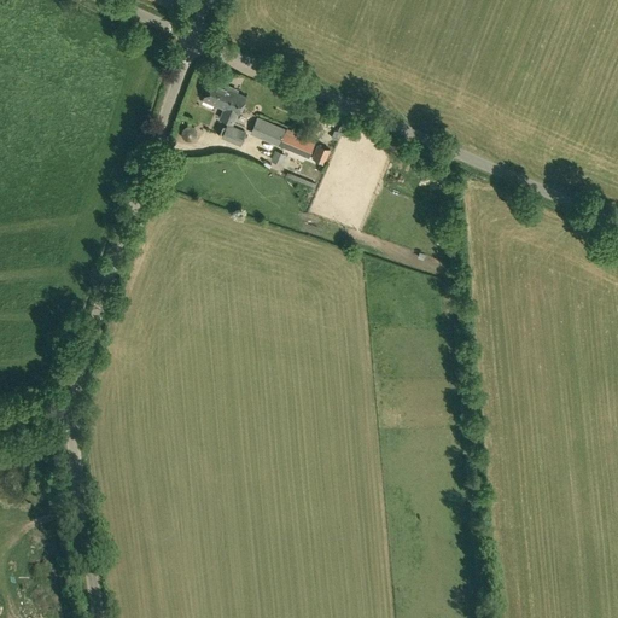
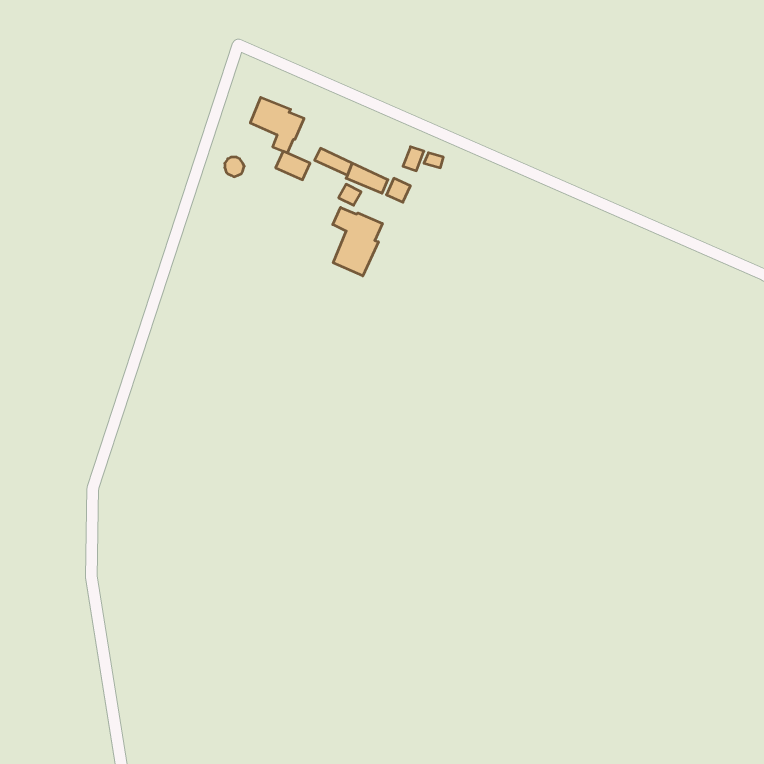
building: none -> [333,207,382,276]

